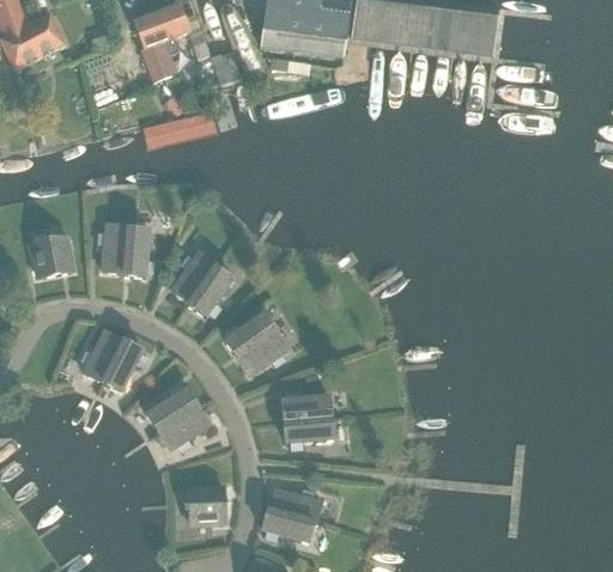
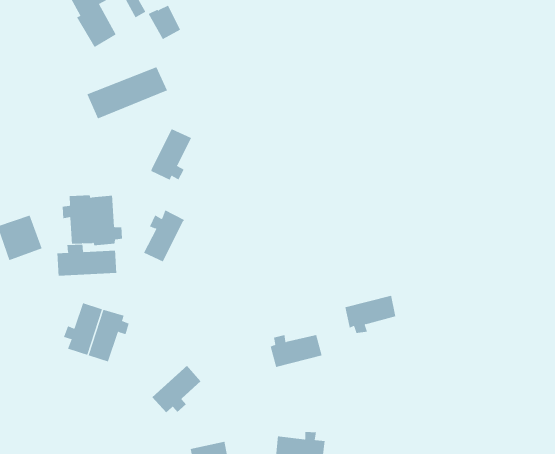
building: [188,264,233,317] -> [150,128,192,180]
building: none -> [57,244,117,277]
building: [225,312,289,376] -> none
building: [146,384,198,432] -> none
building: [284,416,333,449] -> [345,295,396,334]

